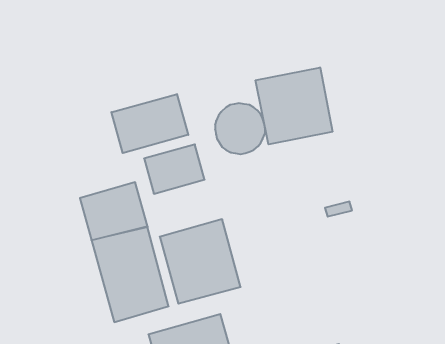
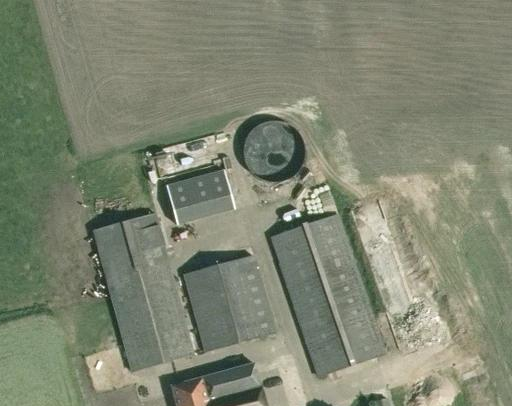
building: [256,67,332,144] -> none
building: [111,94,188,153] -> none
building: none -> [270,213,385,375]

